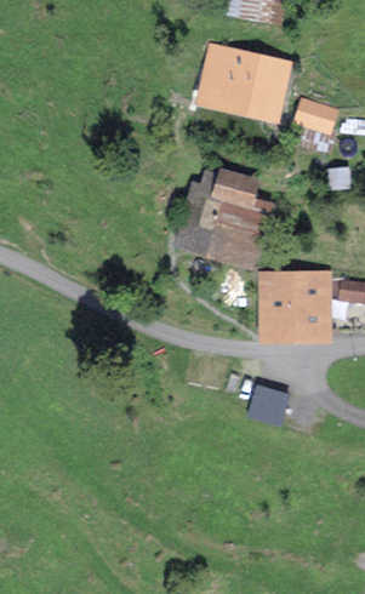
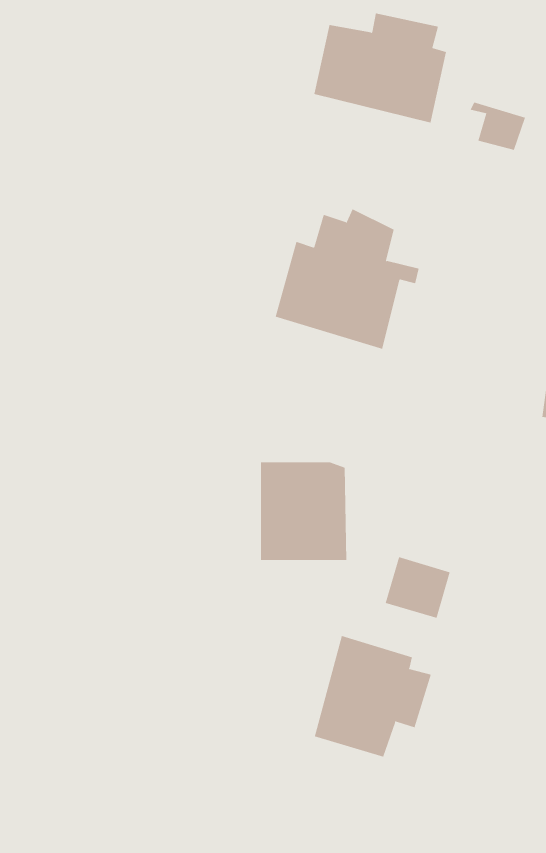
building: [269,273,324,335] -> [260,462,347,560]
building: none -> [314,635,432,757]

